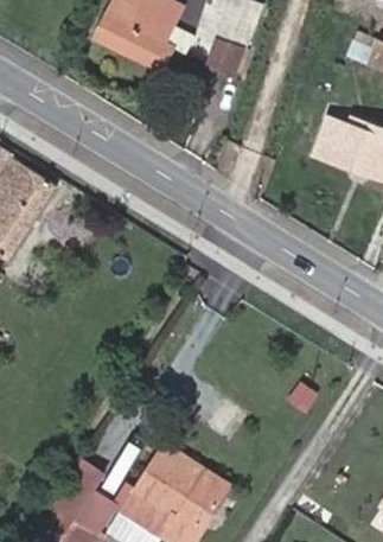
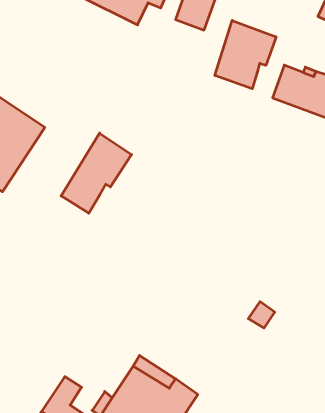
building: none -> [215,20,276,89]
building: none -> [61,133,132,213]

